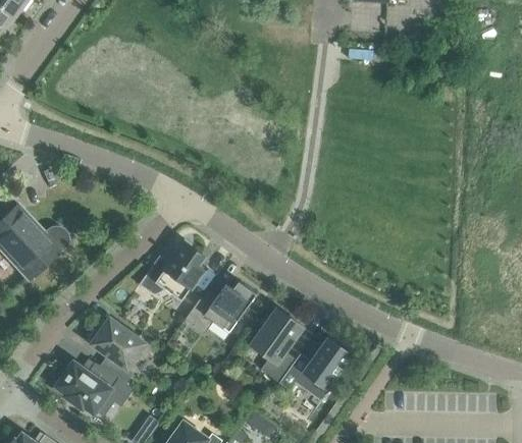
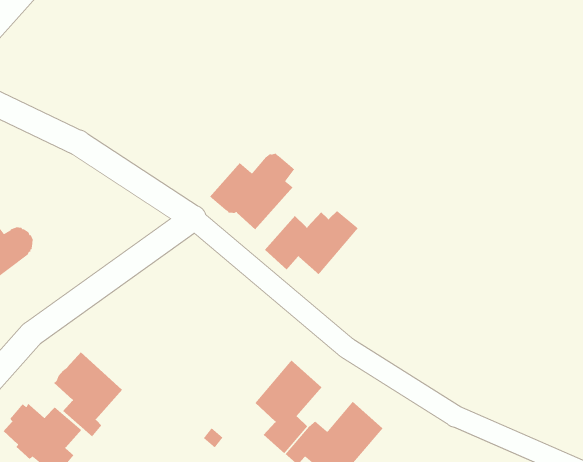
building: [138,244,203,307] -> [209,153,295,230]
building: [185,281,257,333] -> [264,210,359,275]

